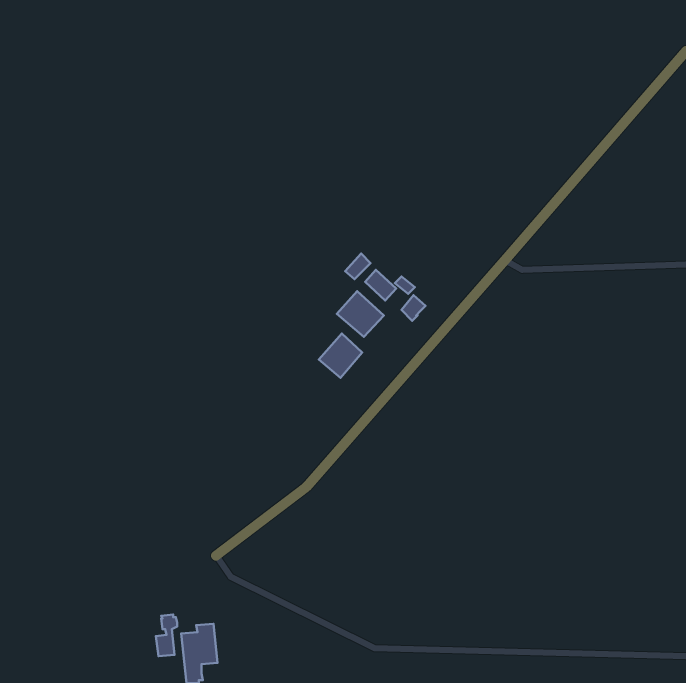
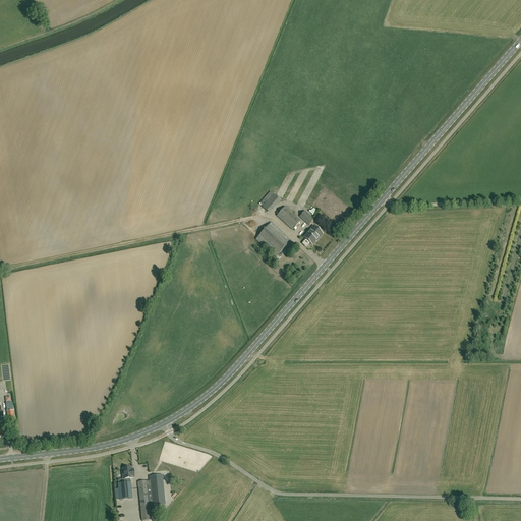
building: [319,333,362,378] -> none

